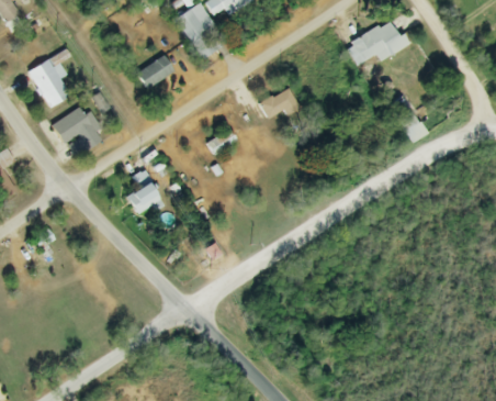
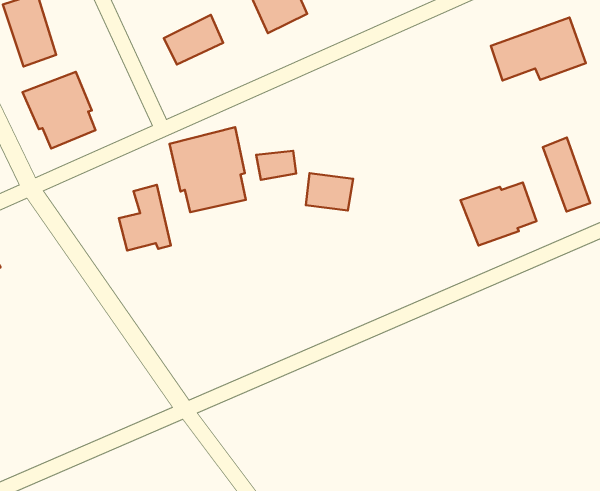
building: [264,92,293,114] -> [306,173,353,211]
building: none -> [170,127,246,212]
building: none -> [461,182,537,246]

